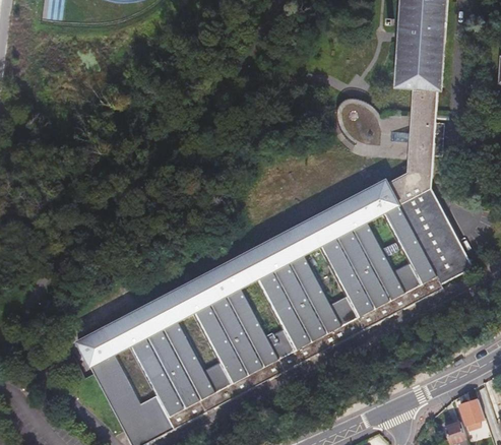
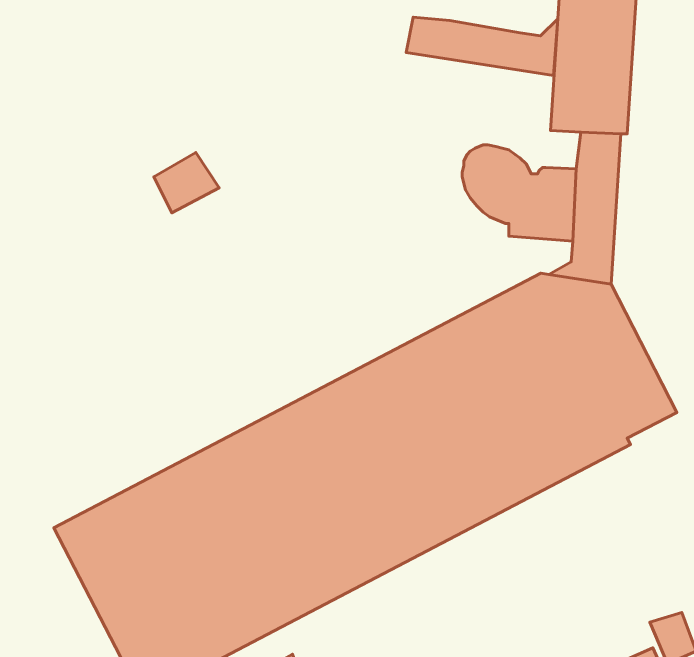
building: none -> [406,17,558,76]
building: none -> [154,152,219,213]

